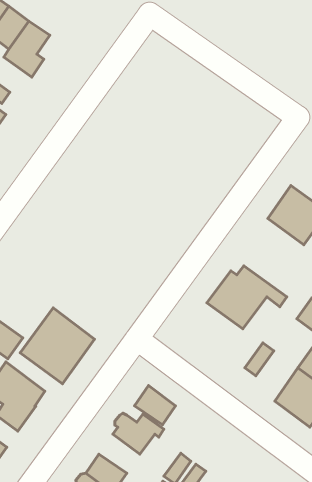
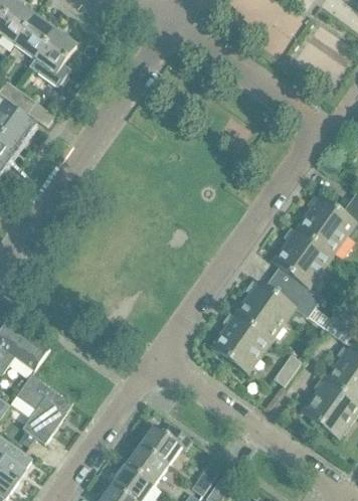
building: none -> [271,229,331,308]
building: none -> [210,314,270,373]
building: [20,308,94,384] -> none
building: [134,386,175,425] -> [125,446,166,485]

